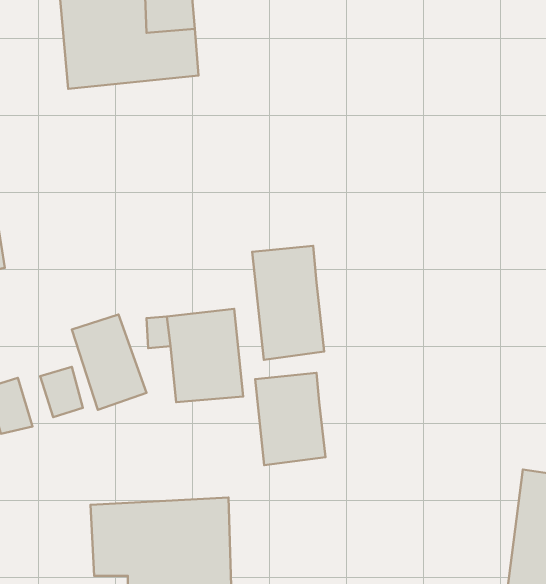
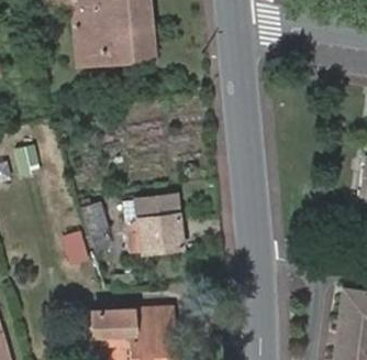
building: [252,246,324,360] -> none
building: [255,373,325,465] -> none

